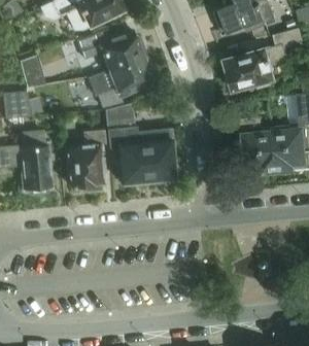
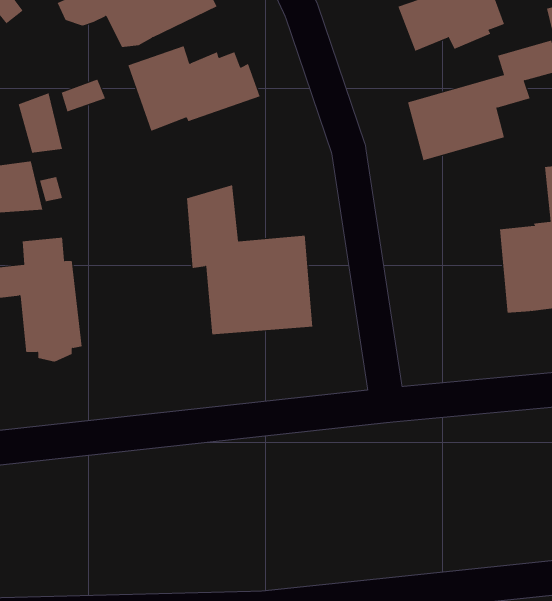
building: [97,58,152,109] -> none
building: [239,118,276,175] -> none
building: [67,132,105,186] -> none

